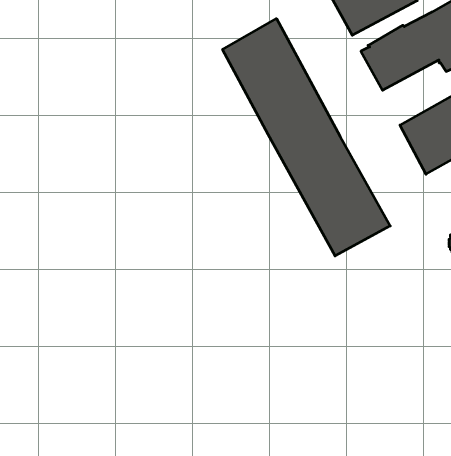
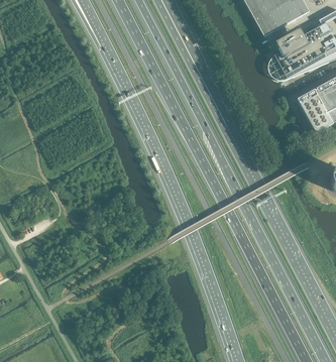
building: [223,19,390,256] -> none

